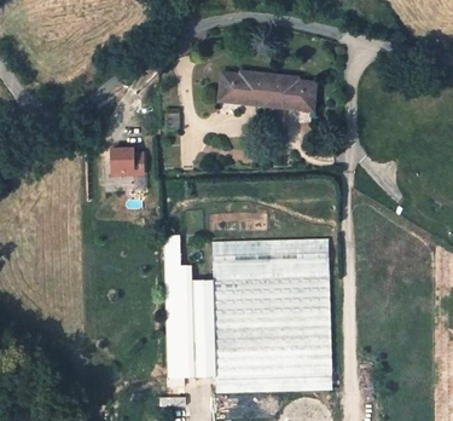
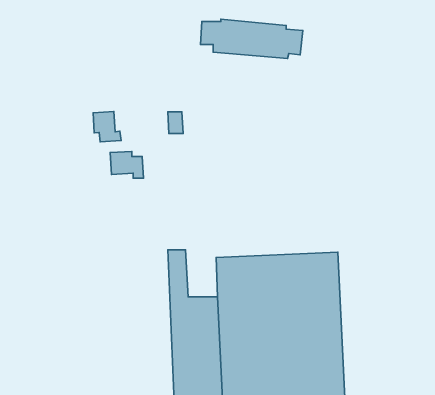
building: [217,68,314,105] -> [201,19,303,59]
building: none -> [93,112,121,142]

